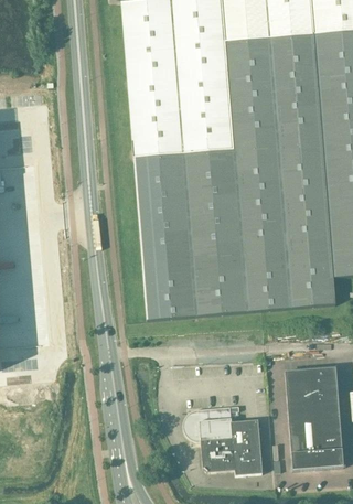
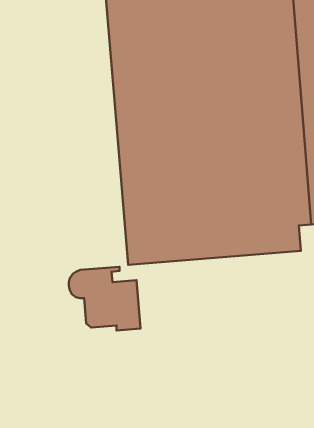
building: [285,365,343,469] -> none
building: [183,404,261,473] -> [69,267,141,331]

